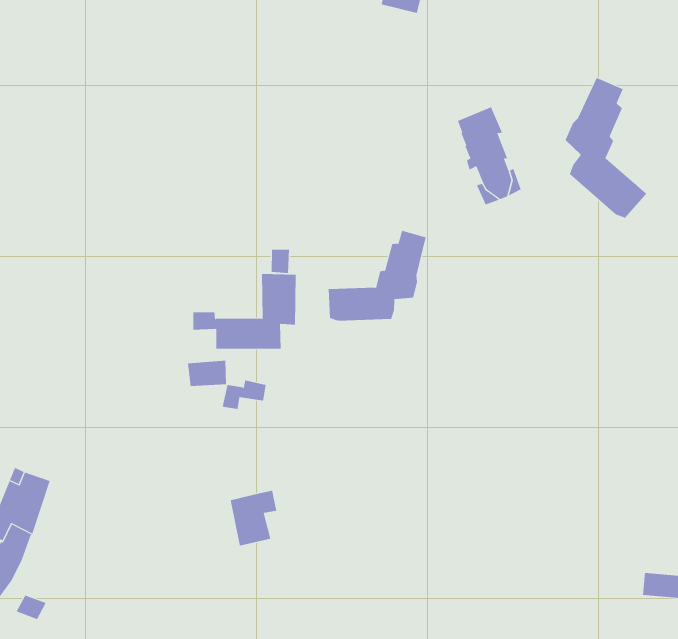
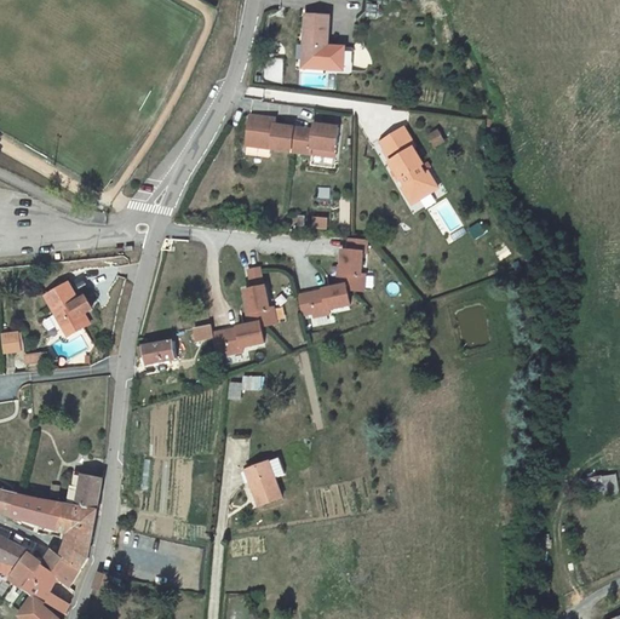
building: none -> [242,116,335,154]
building: [565,77,647,218] -> none
building: none -> [47,279,93,329]
building: [187,360,227,386] -> [140,338,174,363]

